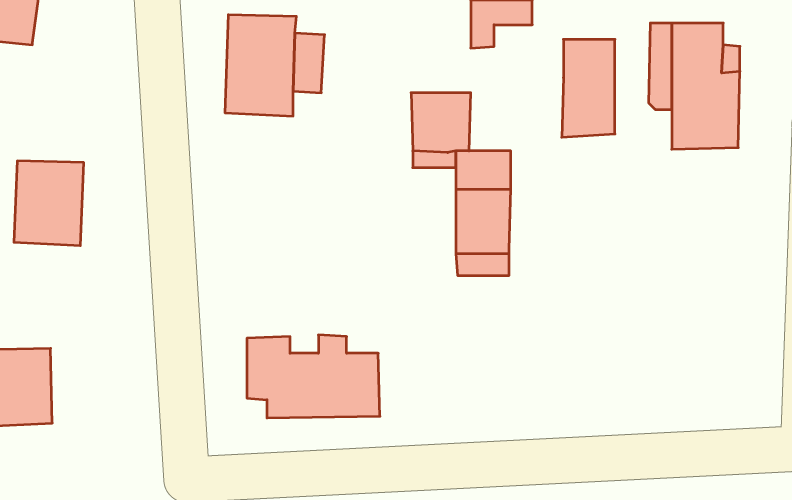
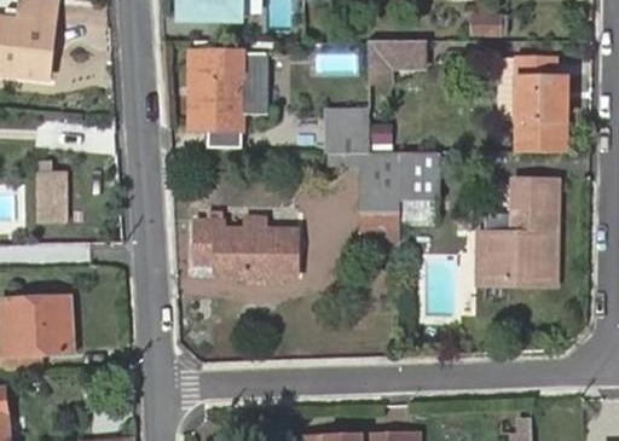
building: [562,39,615,137] -> [397,151,435,222]
building: none -> [481,180,550,280]
building: [247,335,380,418] -> [199,216,296,277]

